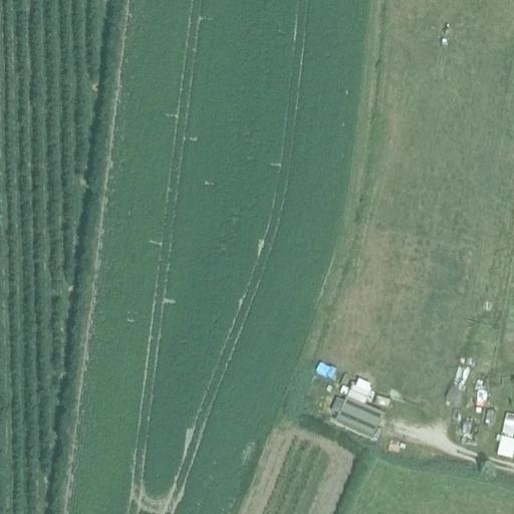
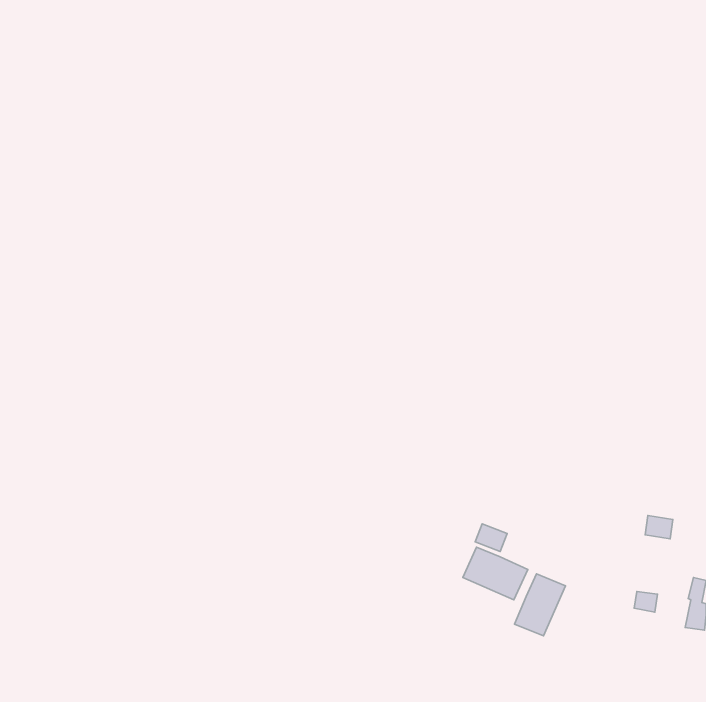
building: none -> [515,574,565,636]

